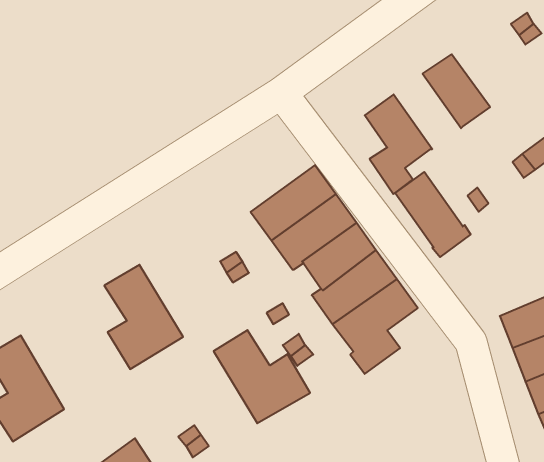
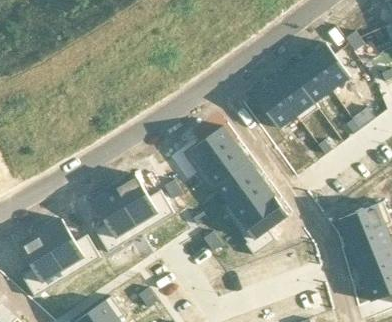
building: none -> [308,43,350,89]
building: [395,172,471,257] -> [272,68,319,121]
building: none -> [40,218,100,277]
building: [214,330,310,423] -> [114,174,174,232]

